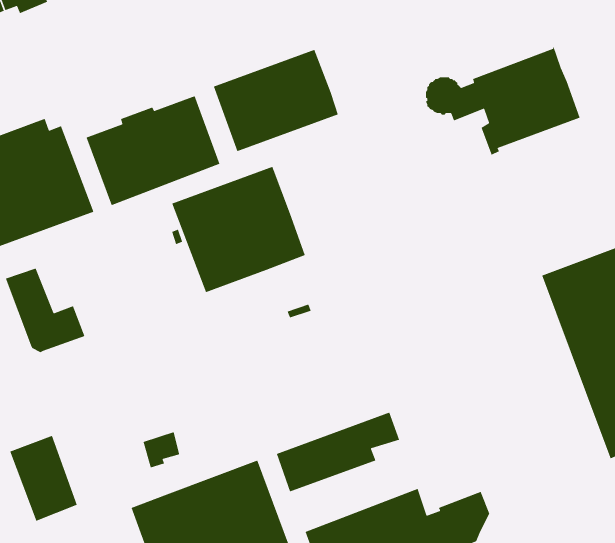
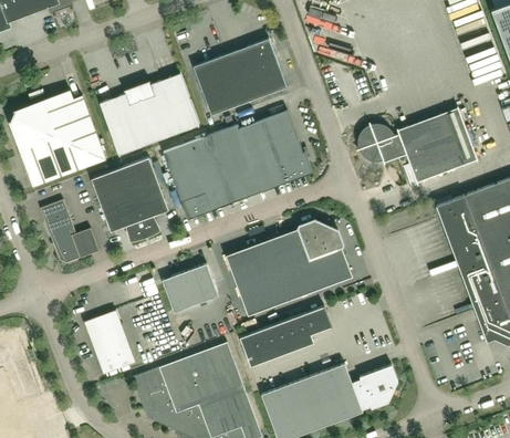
building: [418,45,581,156] -> [357,106,478,188]
building: none -> [239,111,312,191]
building: none -> [91,157,169,240]
building: none -> [226,220,353,315]
building: none -> [162,263,219,313]
building: [9,435,78,522] -> [84,310,135,374]

